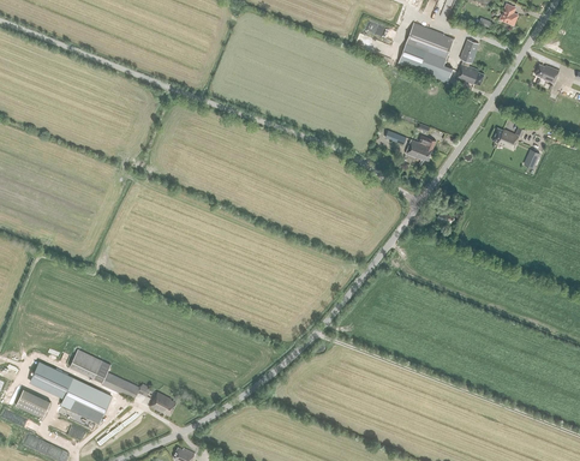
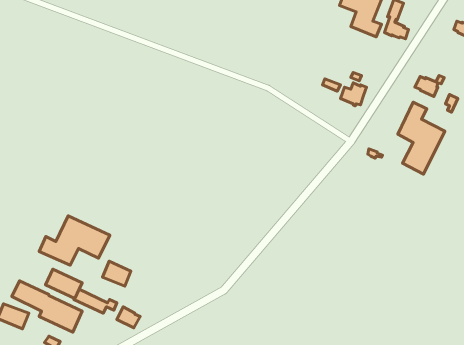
building: none -> [398,102,445,174]
building: none -> [39,216,110,265]
building: none -> [102,261,131,286]

